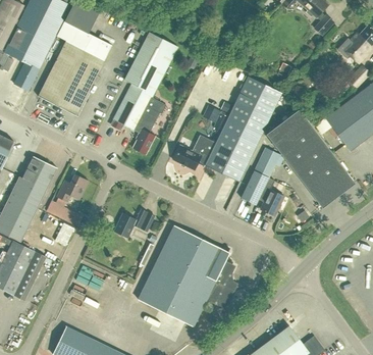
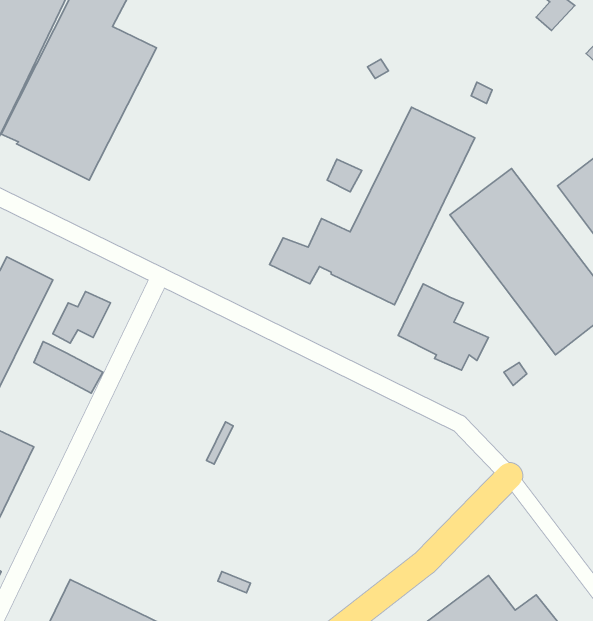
building: [109,33,176,155] -> none
building: [253,148,281,178] -> none
building: [113,212,153,238] -> none
building: [137,225,235,326] -> none

